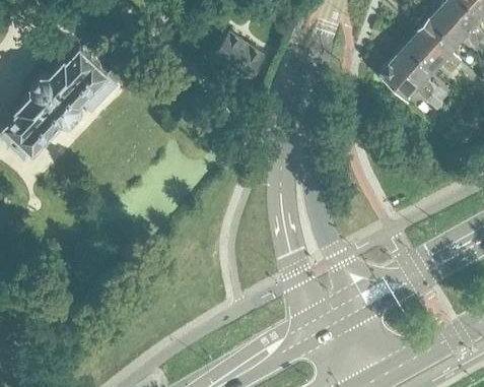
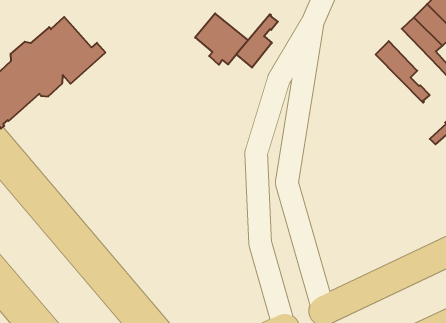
building: none -> [236,14,278,68]
building: [405,34,457,75] -> none
building: [381,61,443,111] -> none

